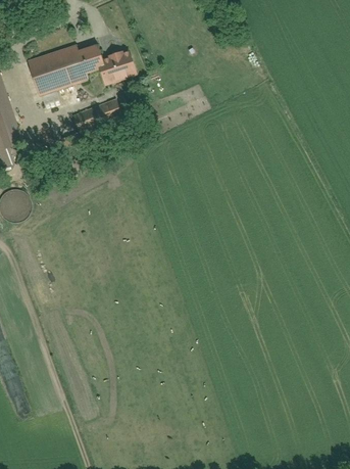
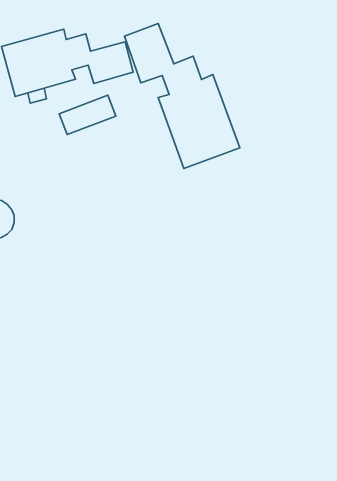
building: none -> [124,23,240,168]

